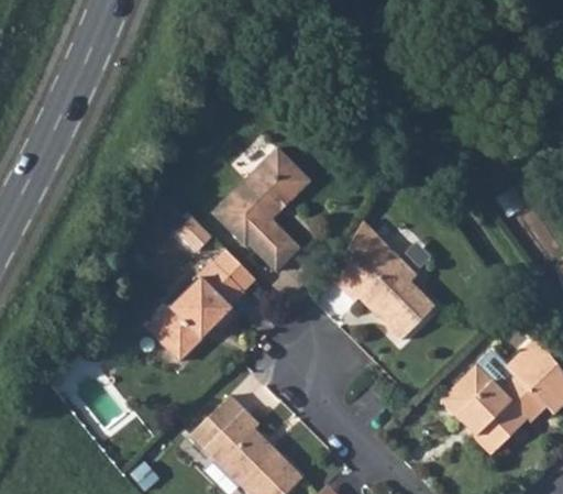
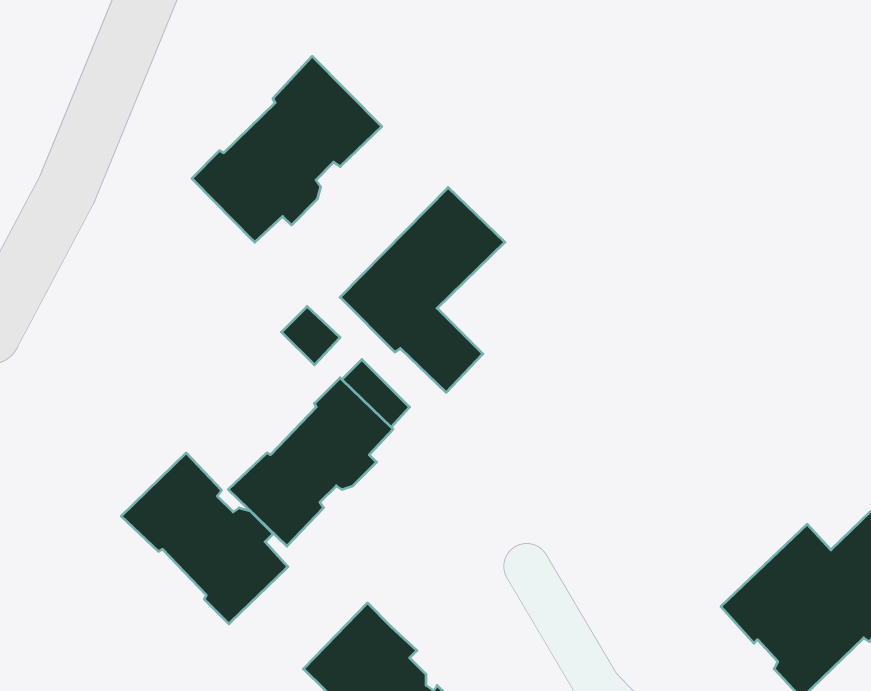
building: none -> [192,56,382,242]
building: [331,219,435,339] -> none
building: none -> [121,453,288,624]

